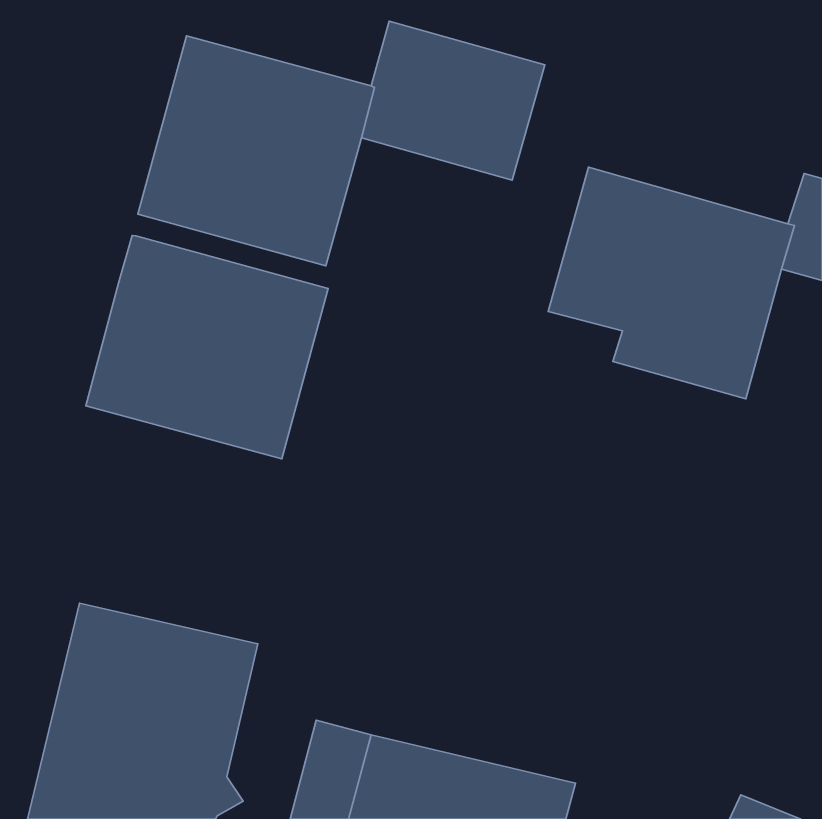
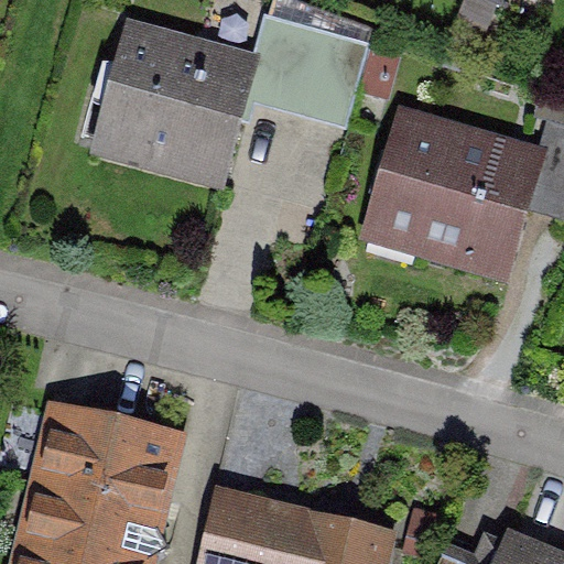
building: [86,235,328,459] -> none

